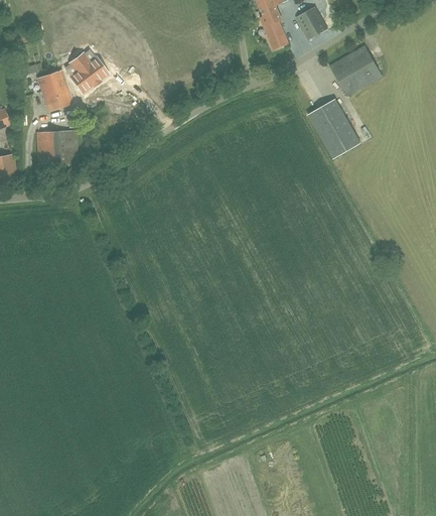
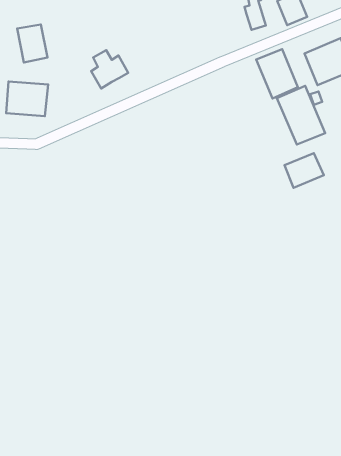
building: [69,53,107,93] -> [91,50,128,88]
building: none -> [256,49,298,99]
building: none -> [284,153,324,188]

